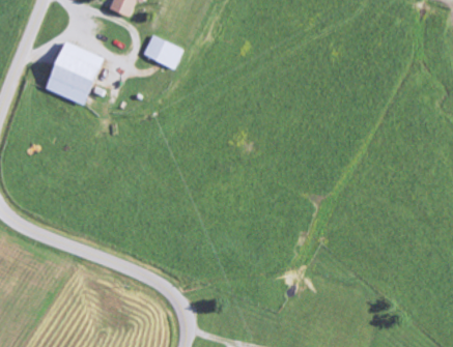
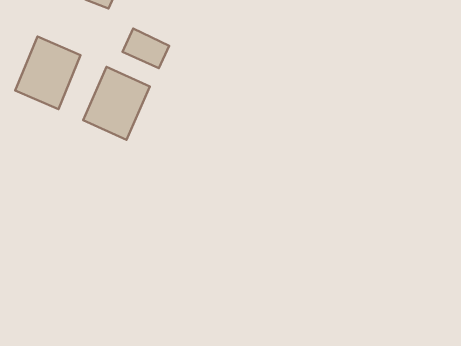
building: none -> [83,67,150,140]

